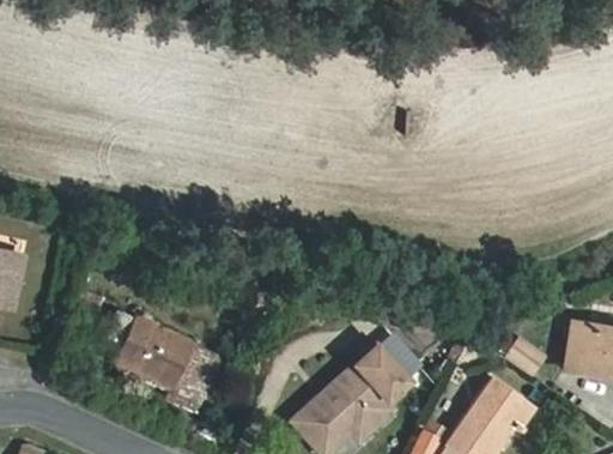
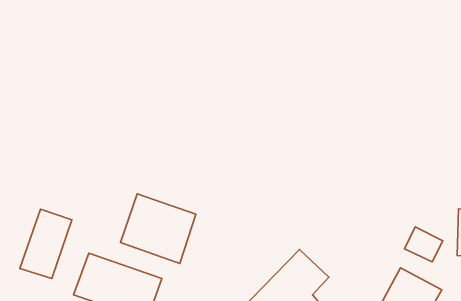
building: none -> [120,194,196,264]
building: none -> [20,209,72,278]

